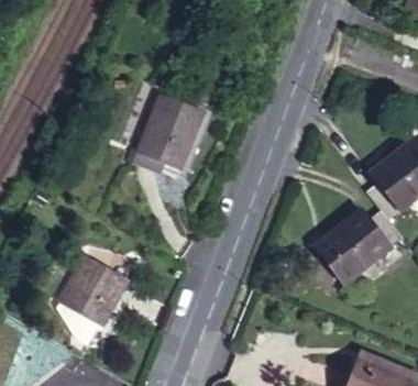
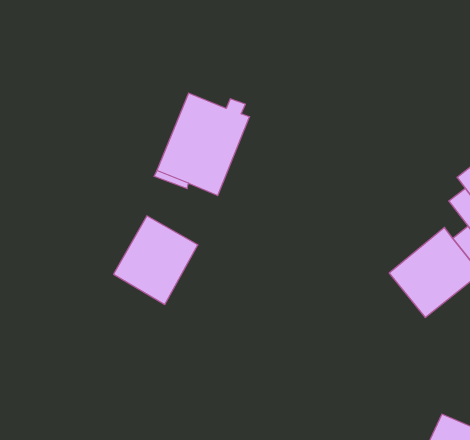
building: [61,254,128,324] -> [114,216,198,304]

